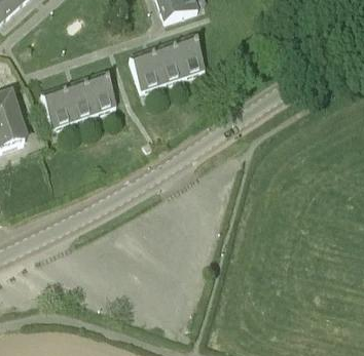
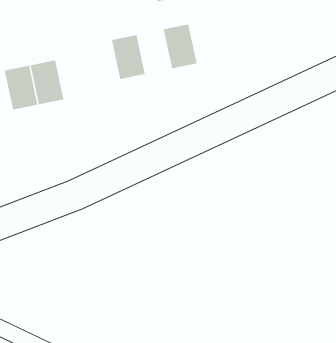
building: [150,43,183,83] -> none
building: [83,73,115,113] -> none

